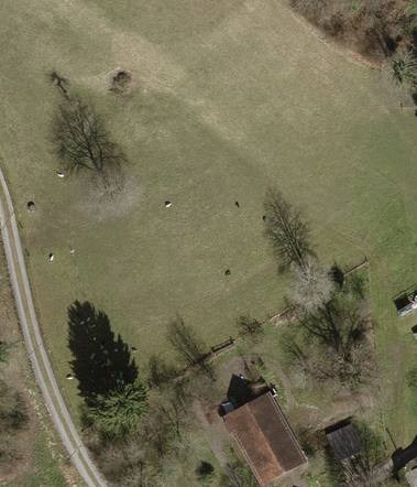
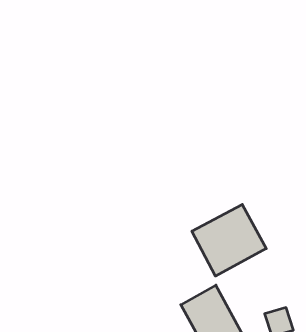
building: none -> [192,204,266,276]

